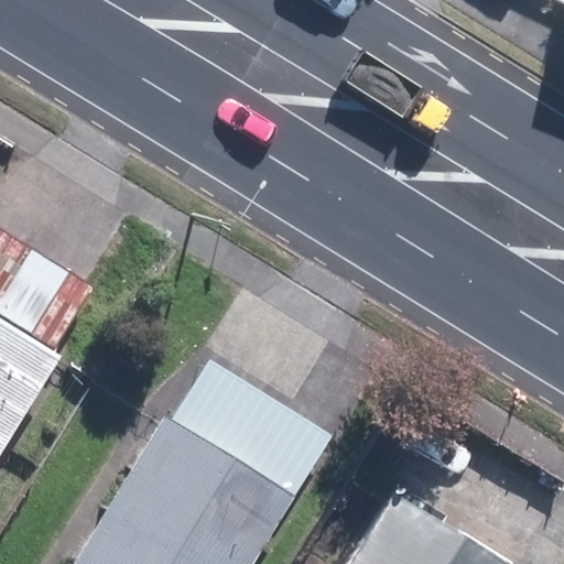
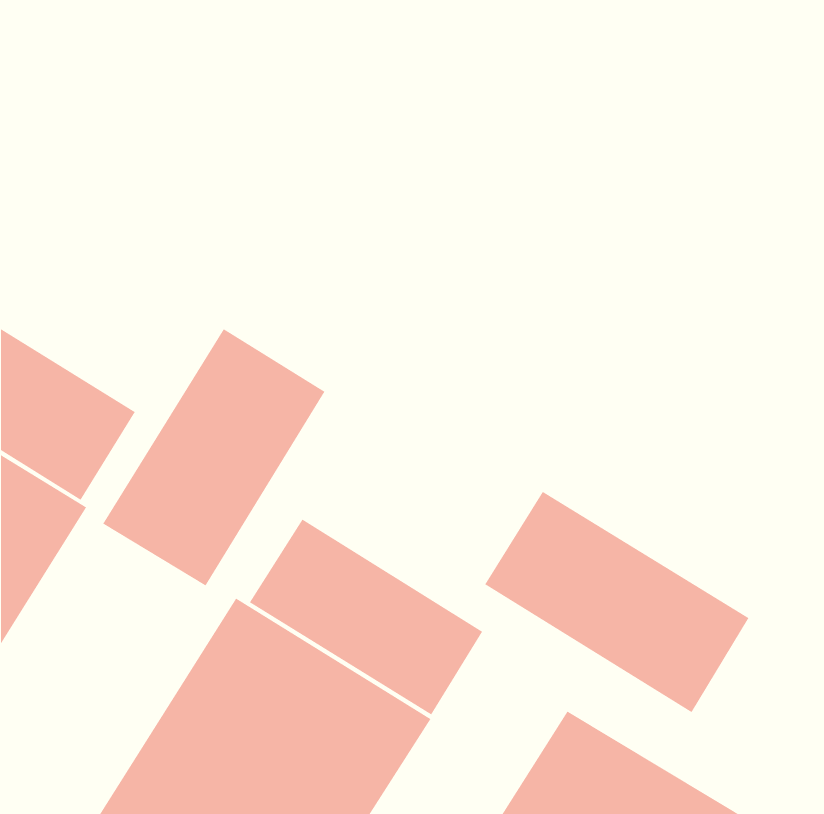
building: none -> [102,328,325,587]
building: none -> [484,491,749,713]

